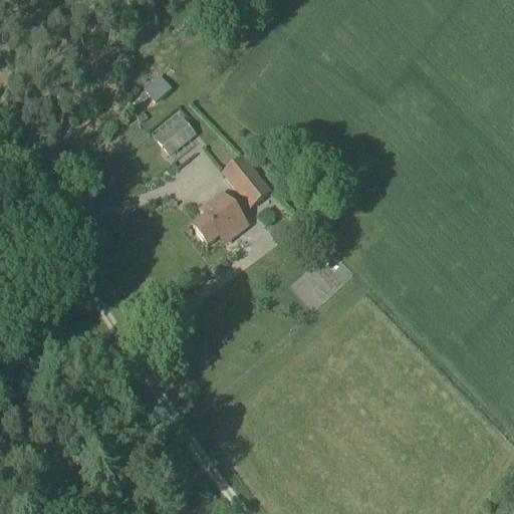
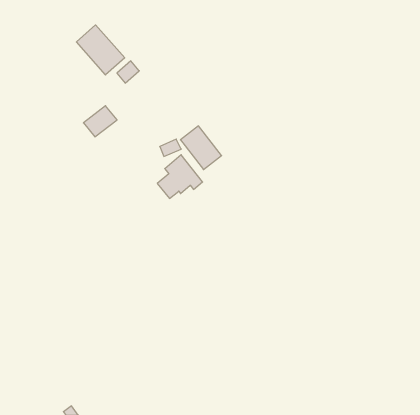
building: none -> [76,25,125,75]
building: [155,115,196,154] -> [83,106,117,137]

